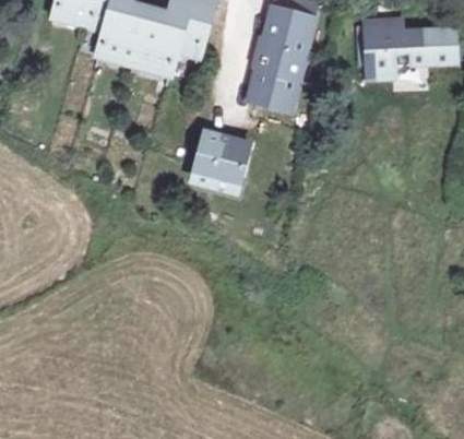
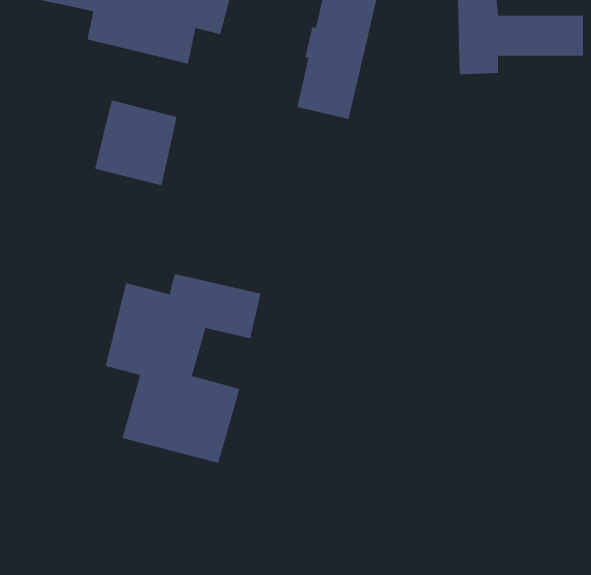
building: [191,131,250,192] -> [94,100,178,186]
building: none -> [105,273,262,464]

